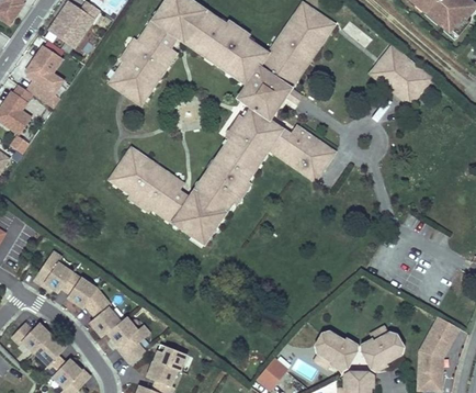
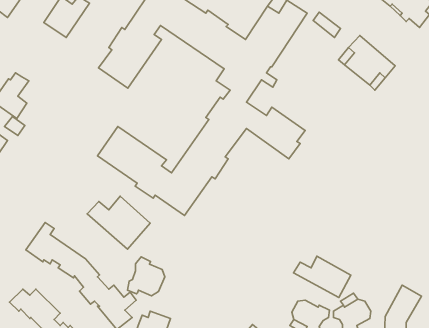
building: [26,47,64,110] -> none
building: none -> [87,196,150,249]
building: none -> [294,256,351,297]
building: none -> [128,257,165,296]

